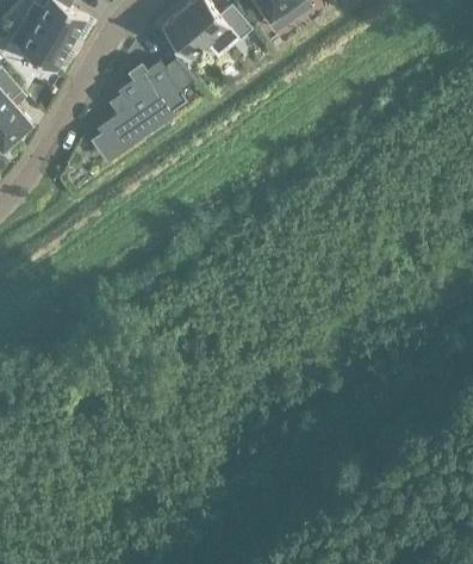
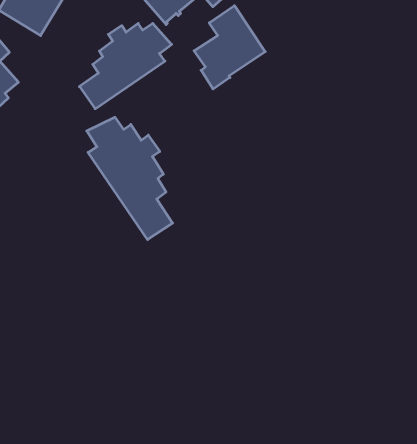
building: none -> [194,6,265,89]
building: none -> [87,117,173,240]

